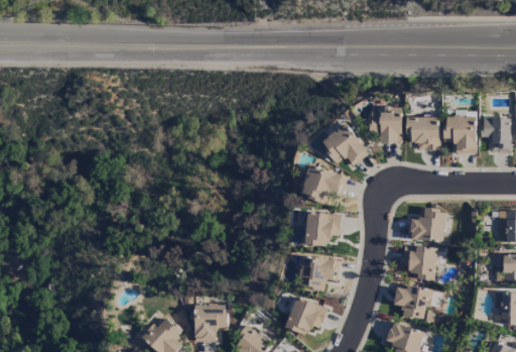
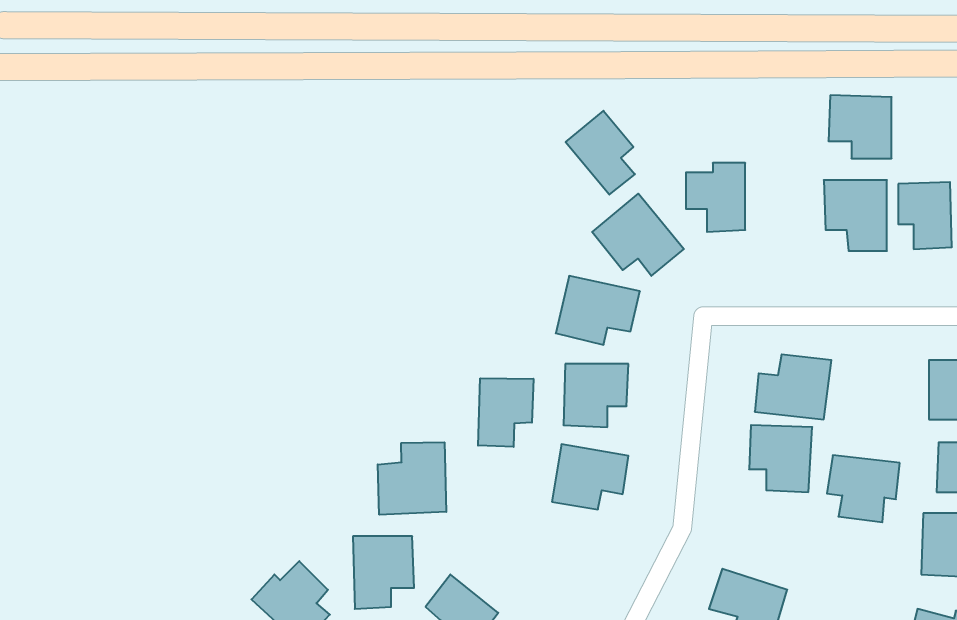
building: none -> [566,111,635,195]
building: [406,116,439,149] -> [828,95,892,158]
building: none -> [478,378,533,447]
building: none -> [378,442,446,515]
building: [395,284,433,320] -> [827,455,900,522]
building: [285,297,328,335] -> none

